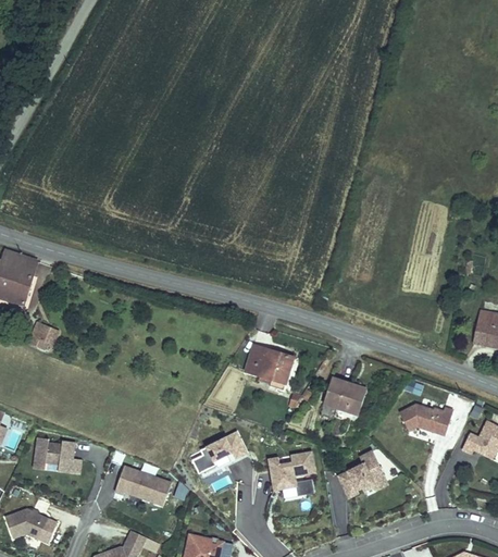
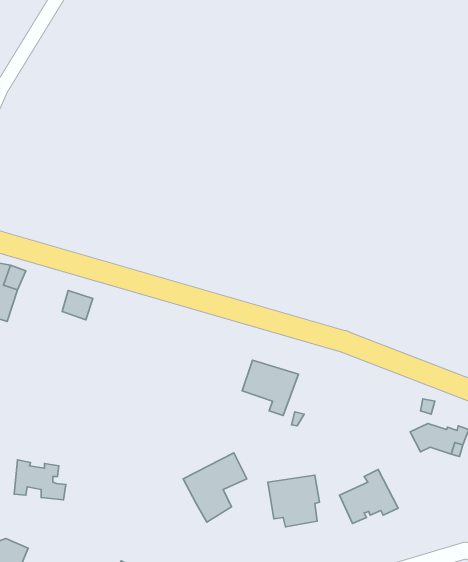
building: [34,323,62,350] -> [62,290,93,320]
building: [323,379,369,417] -> none
building: [112,462,172,505] -> none

